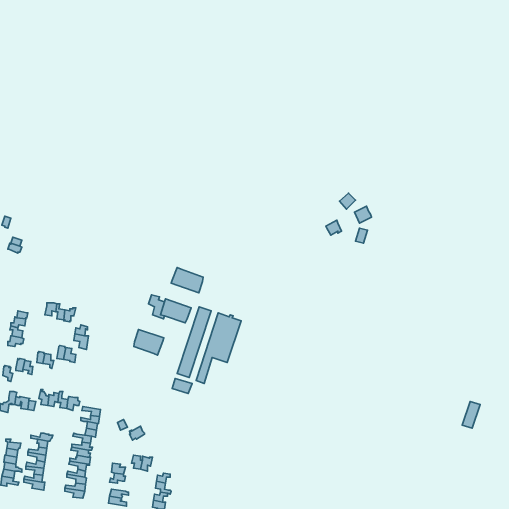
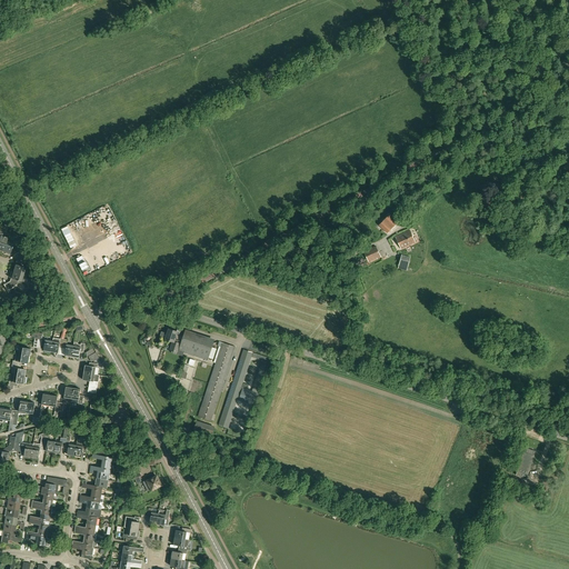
building: [171,268,203,293] -> none
building: [134,329,164,355] -> none

